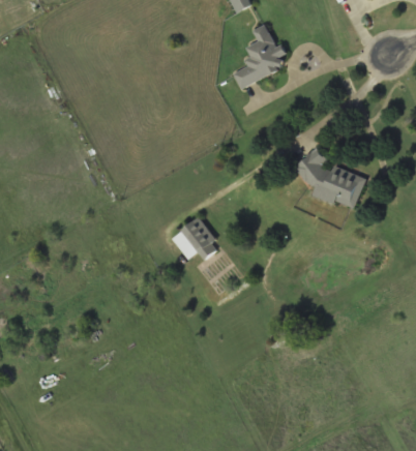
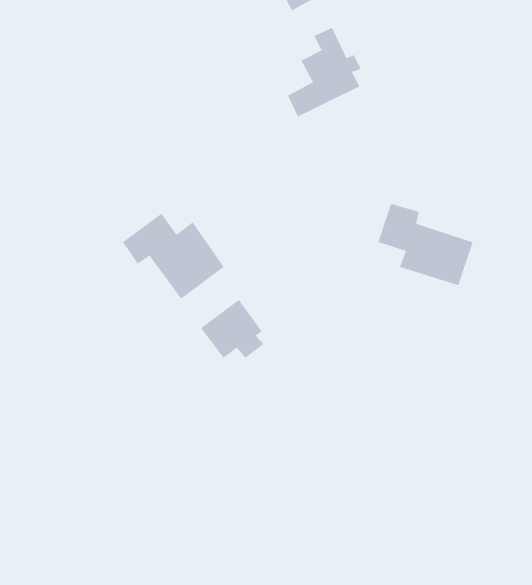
building: none -> [122,213,225,299]

